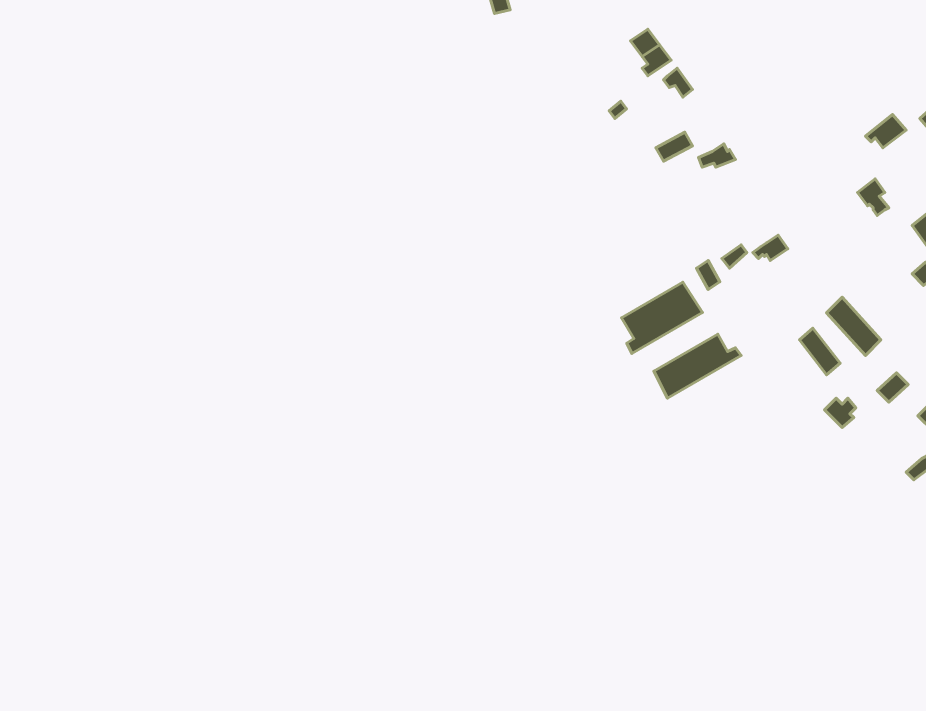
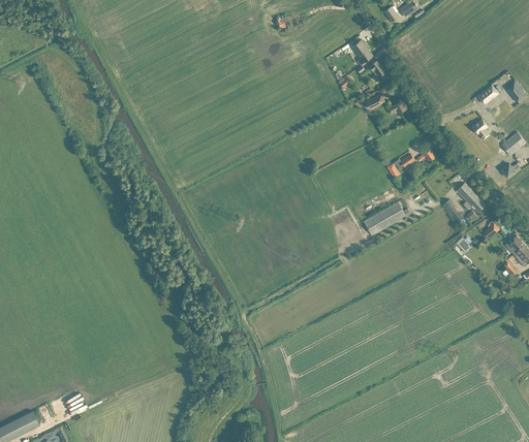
building: [622,282,703,354] -> none

